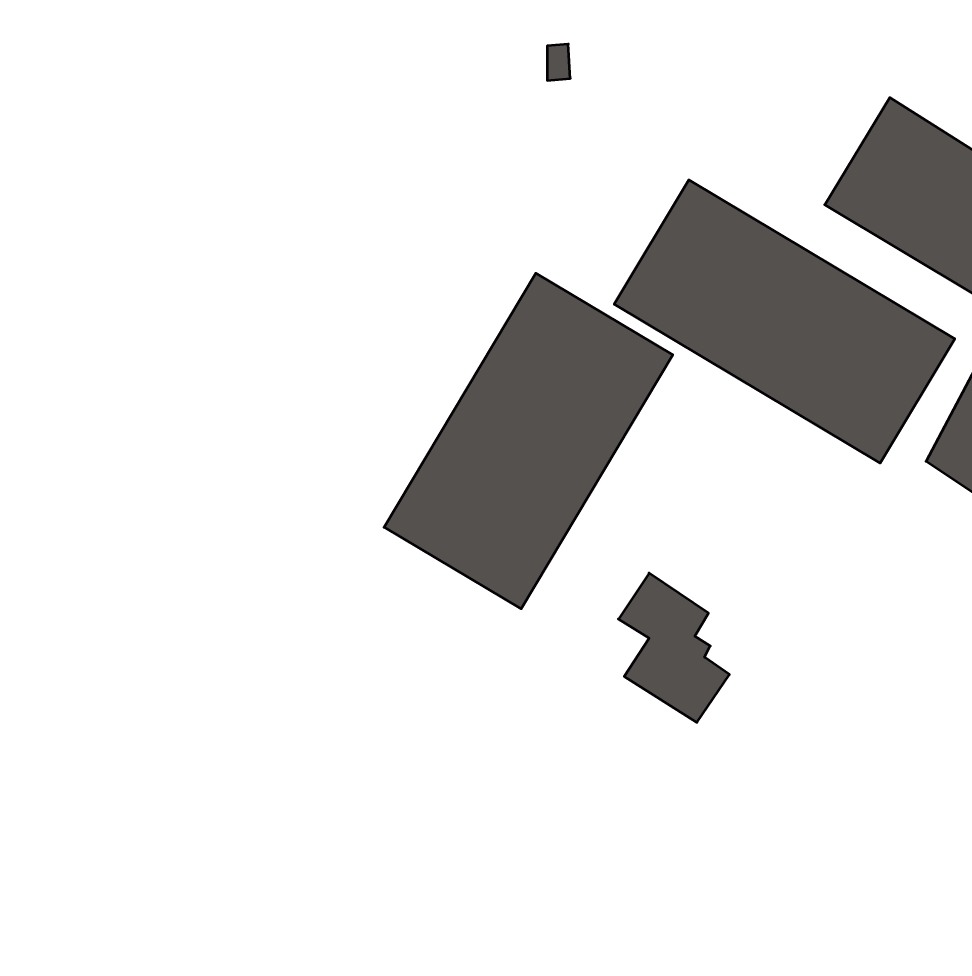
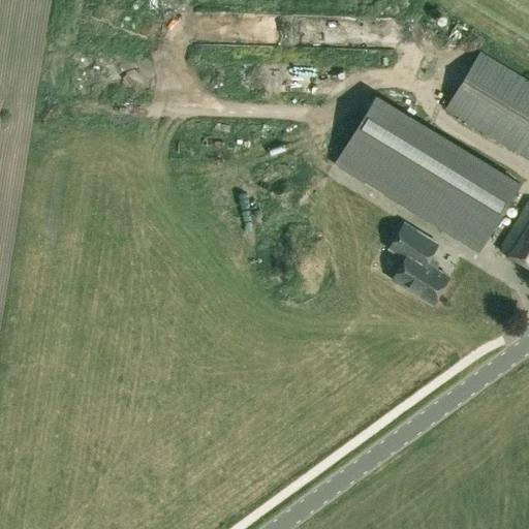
building: [384,273,673,609] -> none
building: [618,573,729,722] -> [394,222,454,303]

